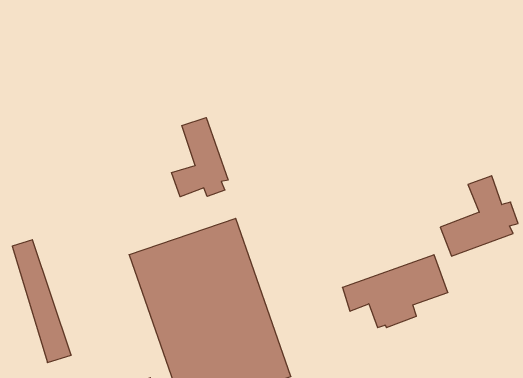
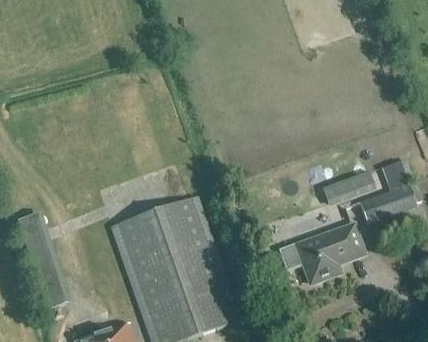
building: [172,118,228,197] -> none
building: none -> [322,170,375,205]

